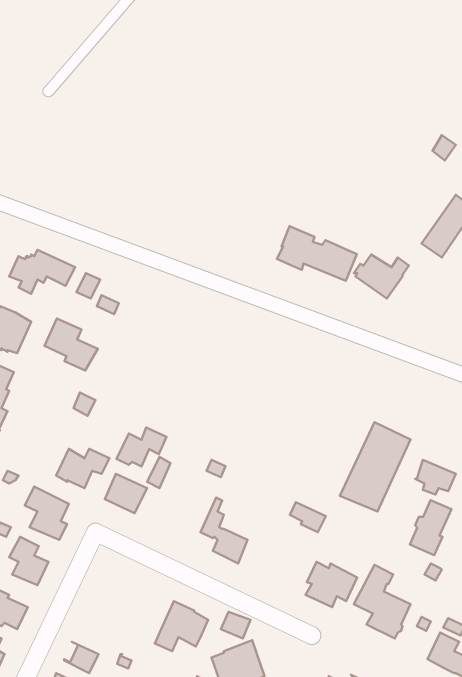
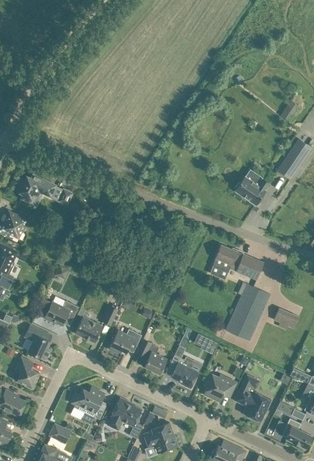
building: [277,226,357,281] -> [212,244,263,279]
building: [44,318,98,371] -> none
building: [116,427,167,467] -> [109,328,141,353]
building: [410,500,452,555] -> none
building: none -> [166,354,202,387]
building: none -> [70,387,107,423]

